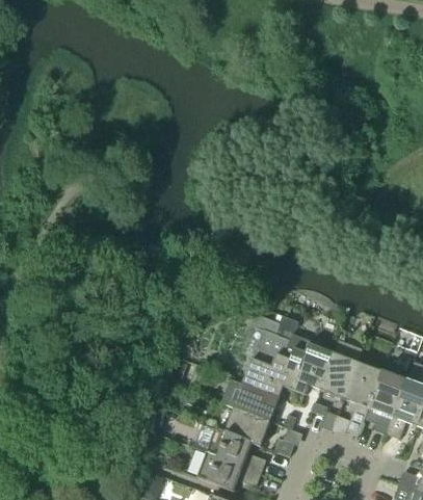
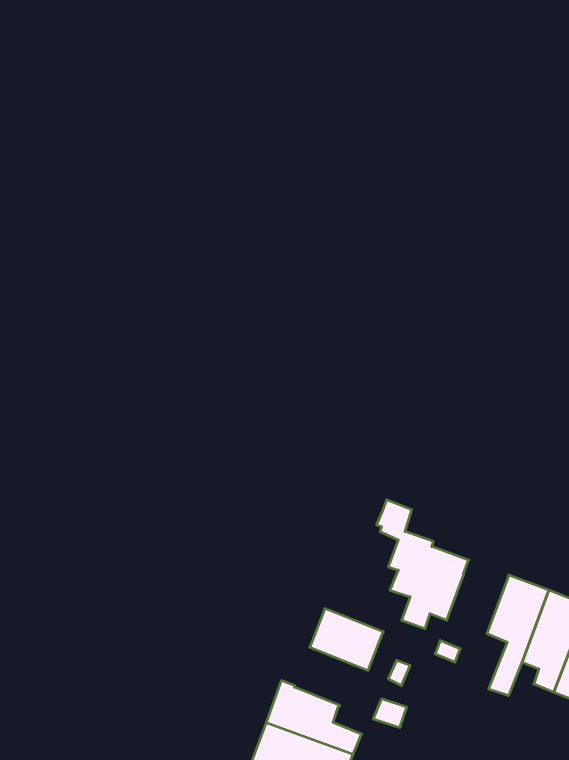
building: [242,312,295,396] -> none
building: [318,351,356,397] -> none
building: [223,405,269,446] -> none

